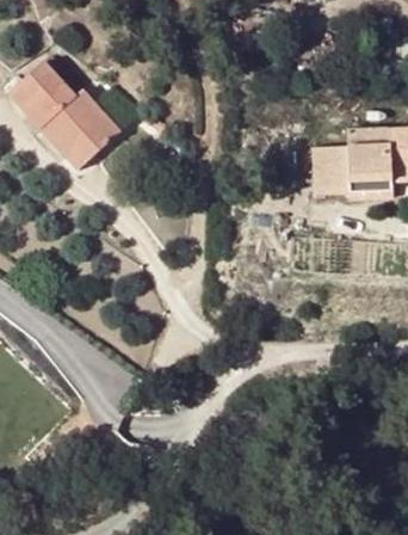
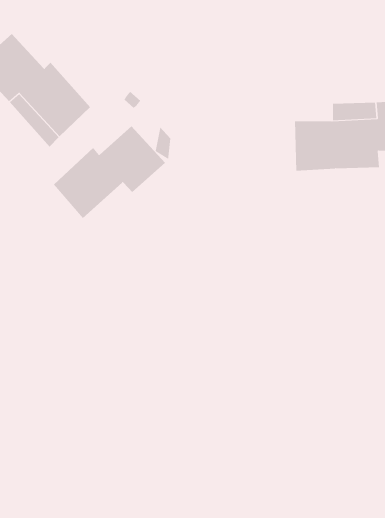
building: none -> [53,126,166,219]

